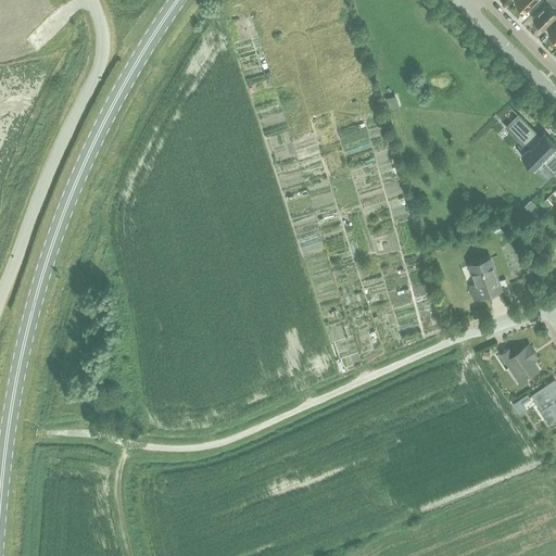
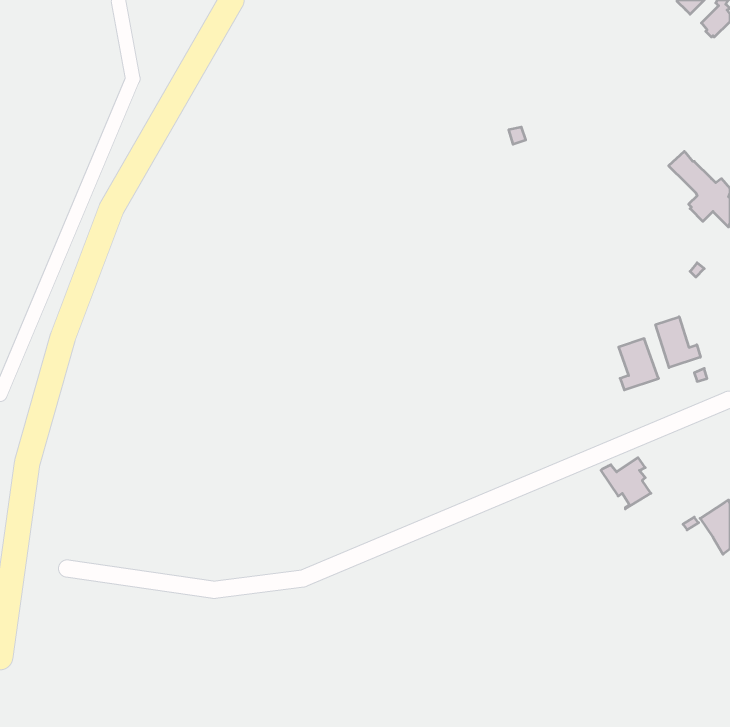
building: none -> [656,317,700,368]
building: [501,344,539,383] -> [601,458,651,509]

